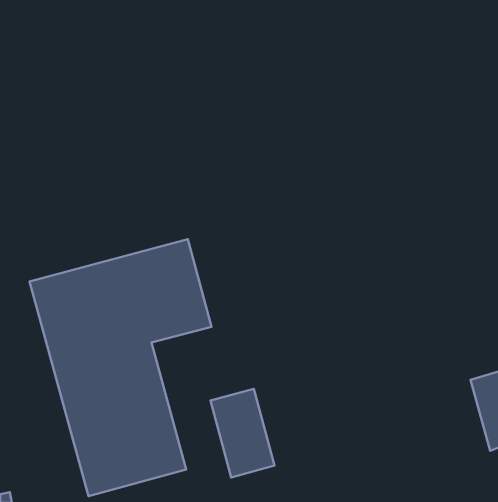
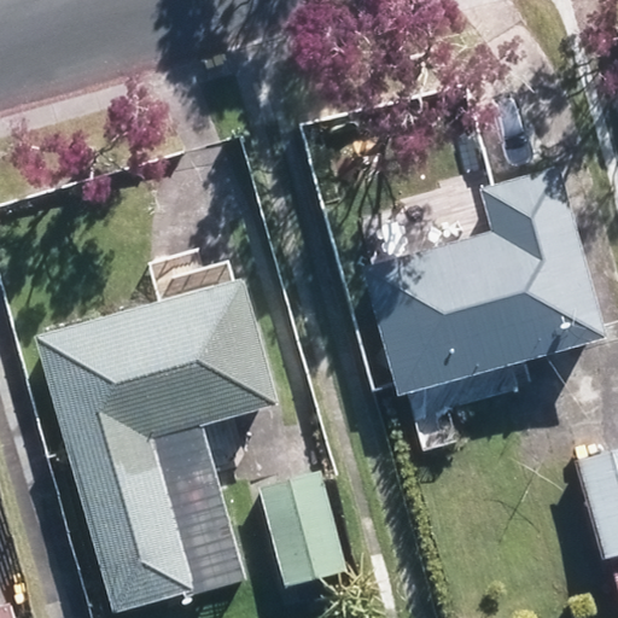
building: none -> [375,176,596,386]

